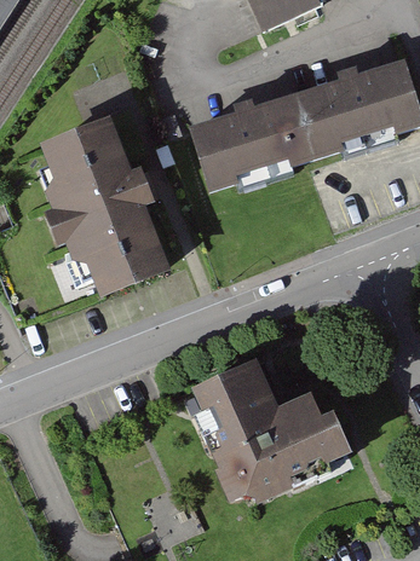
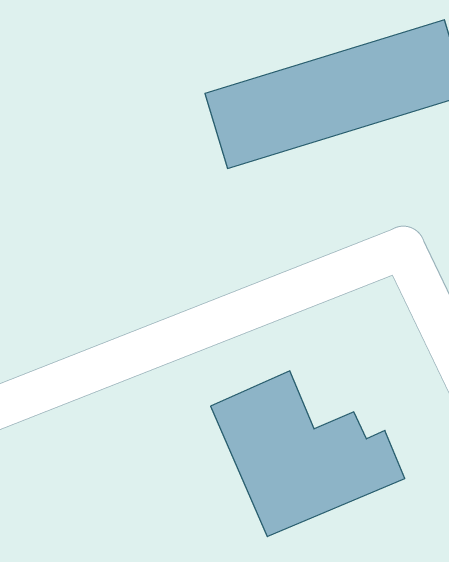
building: [44,121,161,287] -> none

